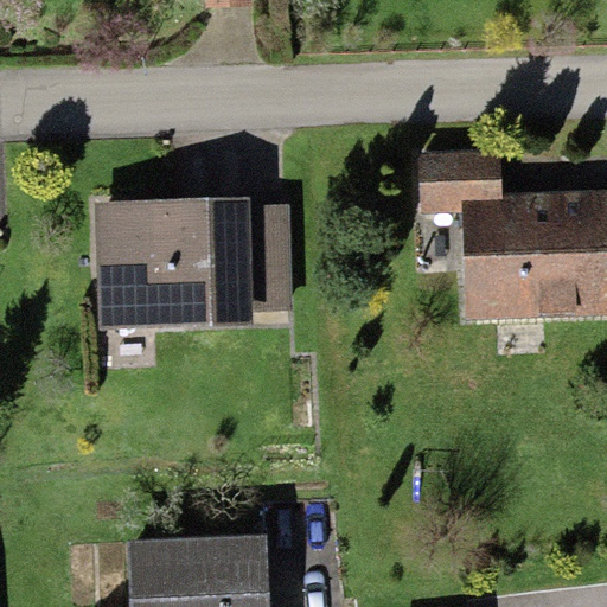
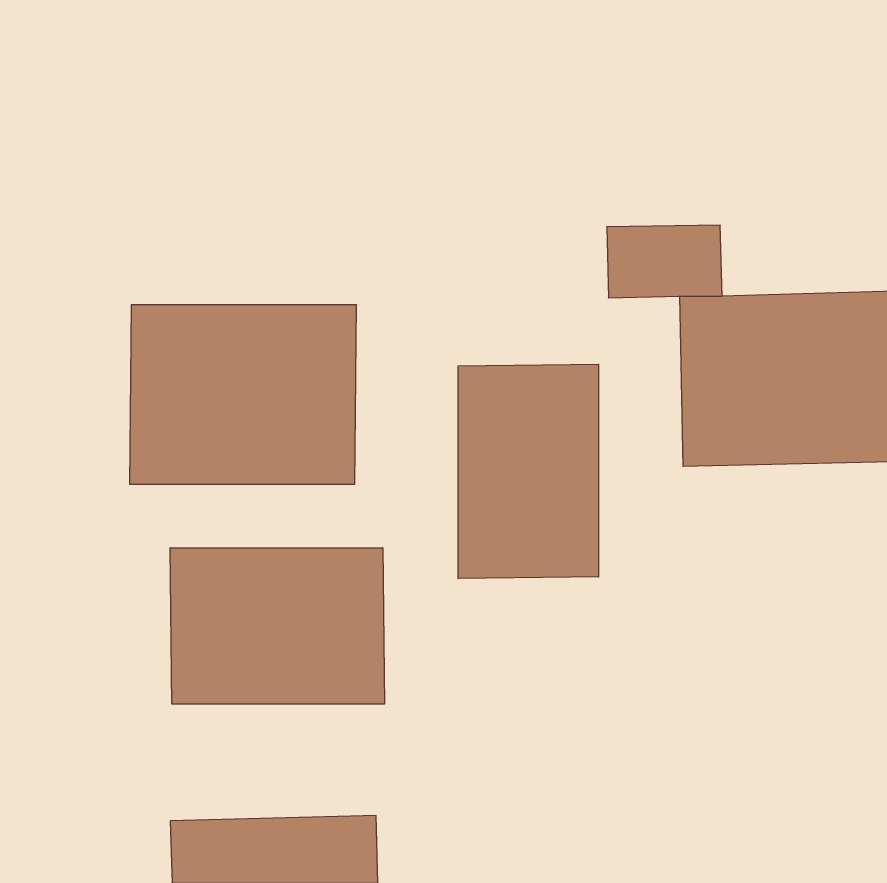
building: none -> [458,364,599,579]
building: none -> [170,548,384,704]

